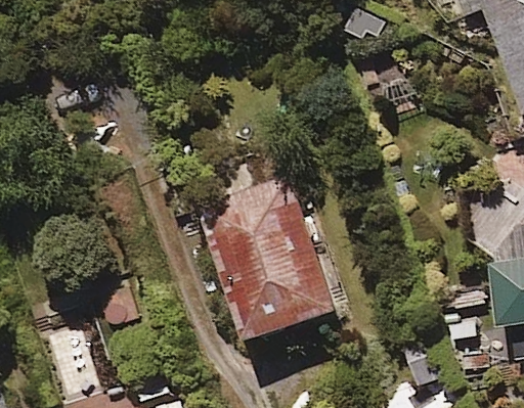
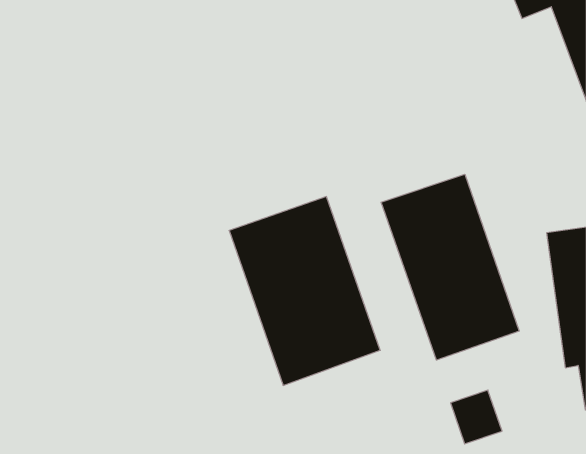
building: none -> [381,174,519,360]

